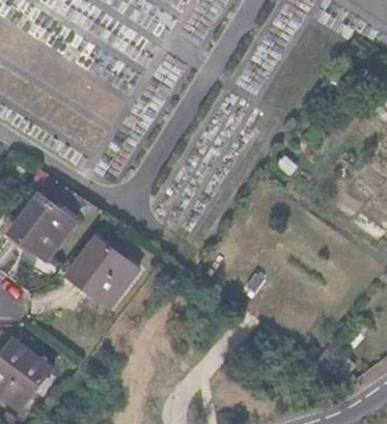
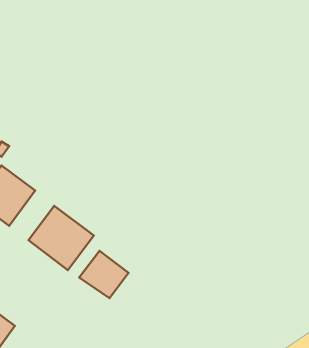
building: none -> [79,251,128,298]

